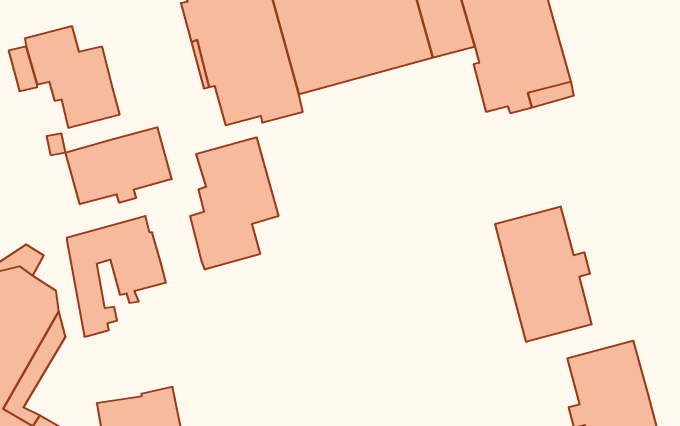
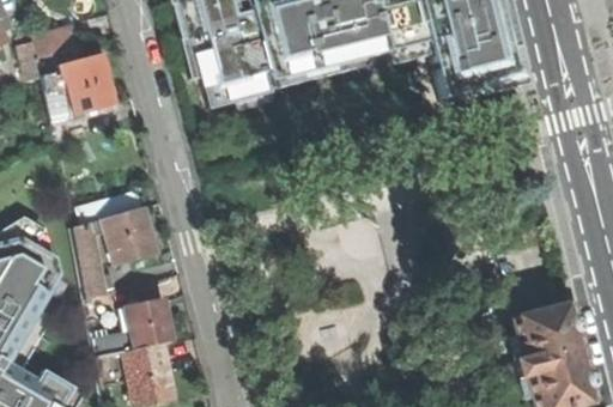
building: [66,127,172,204] -> none
building: [190,137,278,270] -> none
building: [495,206,592,342] -> none
building: none -> [91,298,171,357]

